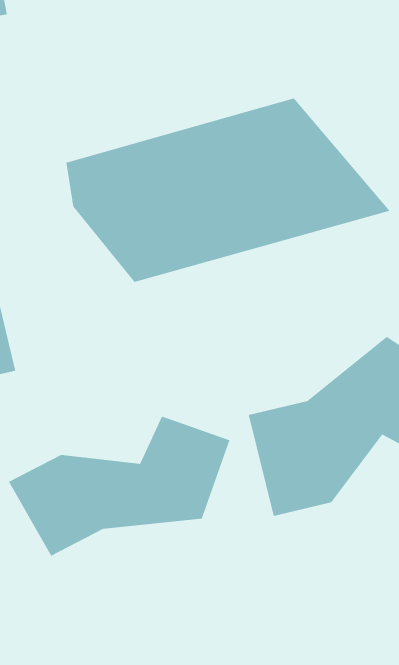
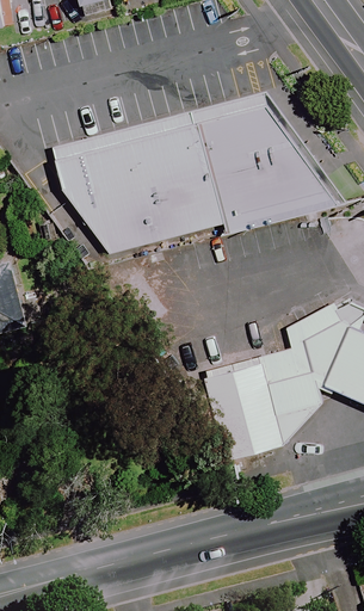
building: [8,416,231,557] -> none

